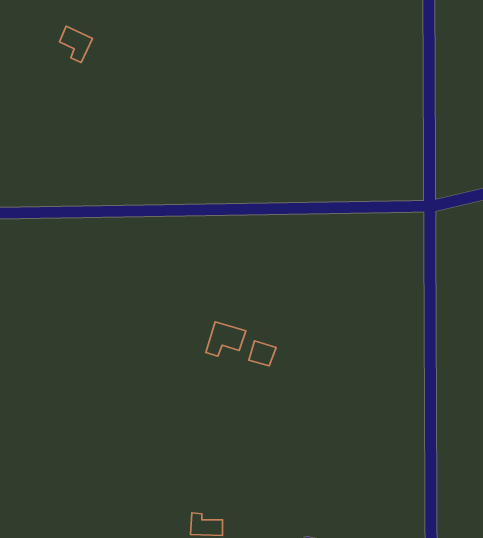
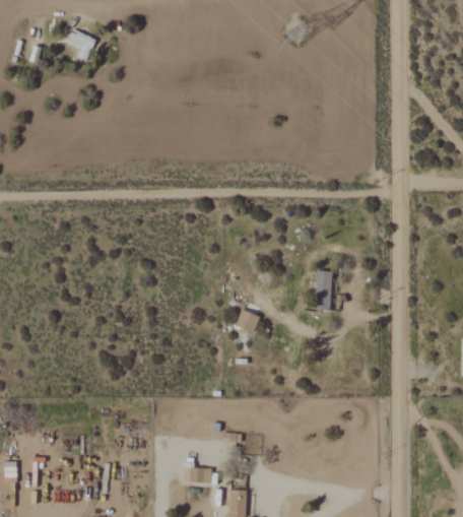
building: none -> [316,270,332,309]
building: [206,322,246,356] -> none

